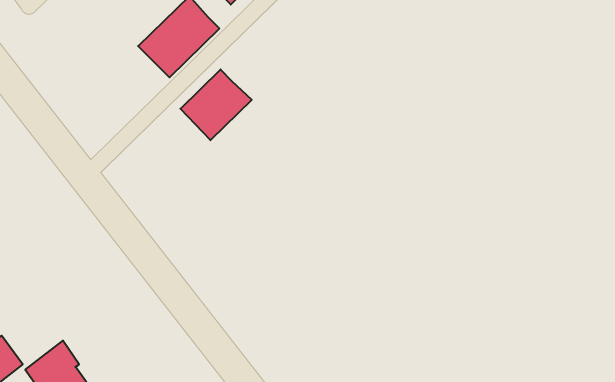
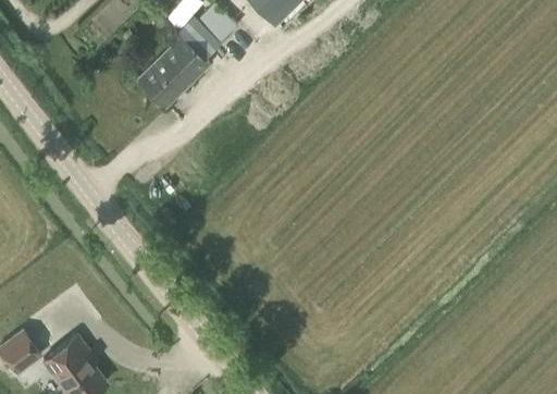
building: [180,69,252,140] -> none

